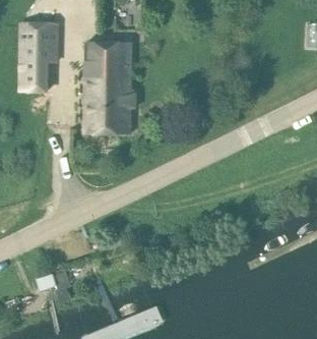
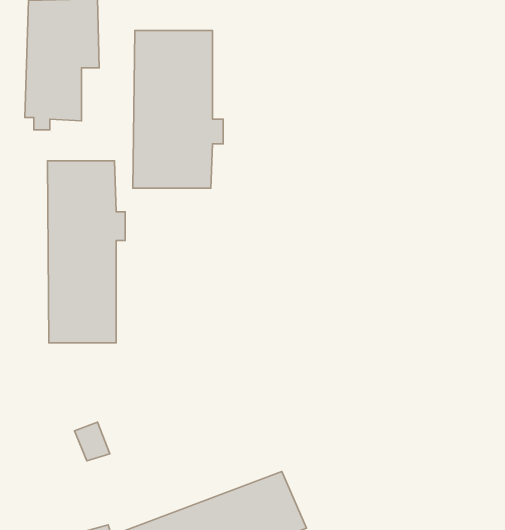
building: none -> [47,161,125,343]

